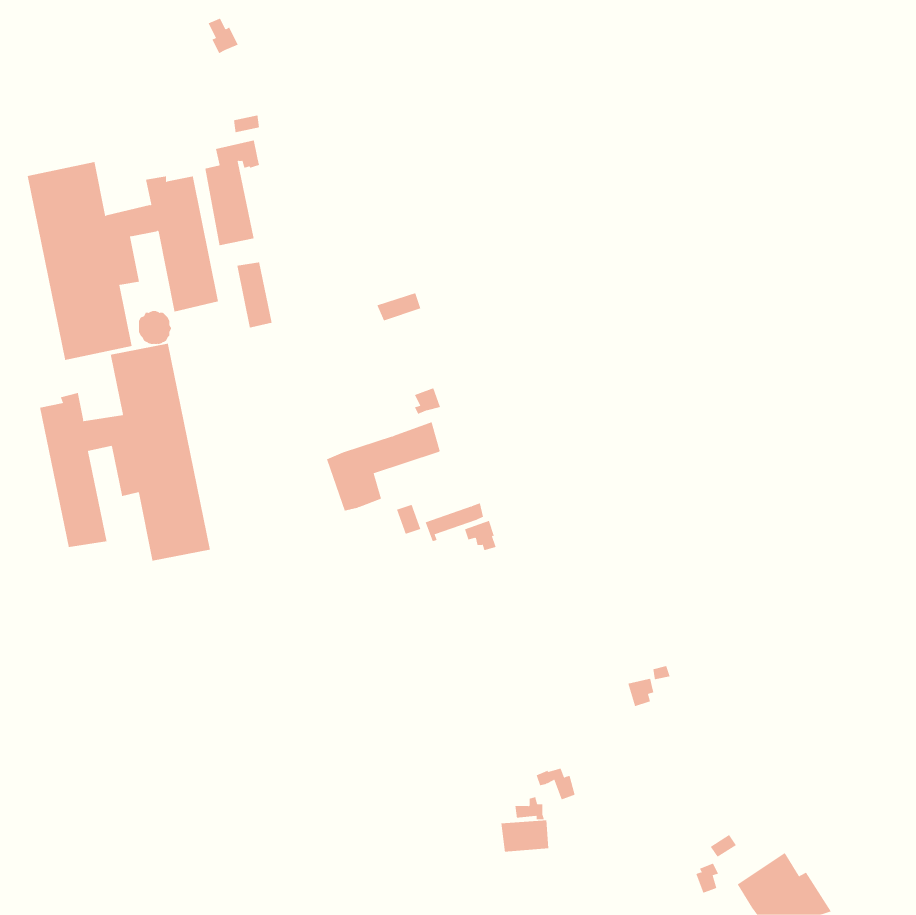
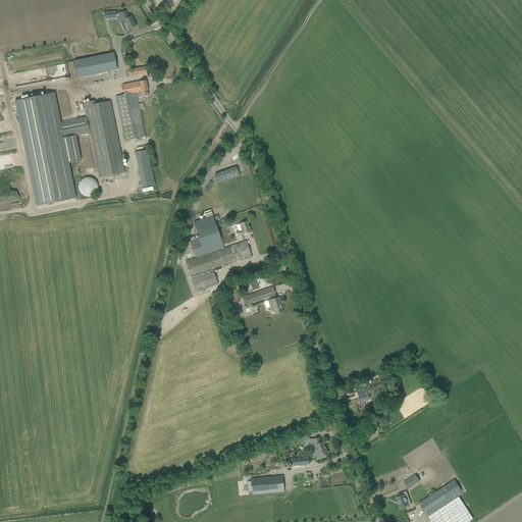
building: none -> [72,52,117,76]
building: [39,343,210,561] -> none
building: none -> [190,209,223,257]
building: [501,820,549,852] -> [251,475,278,493]

